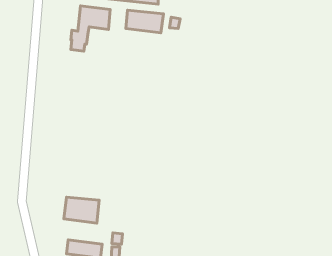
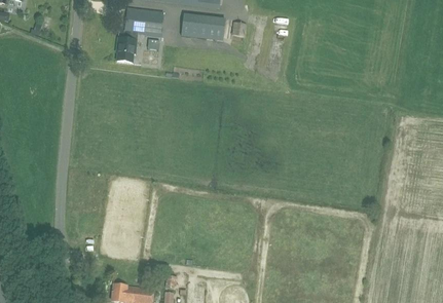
building: [64,197,99,223] -> none

